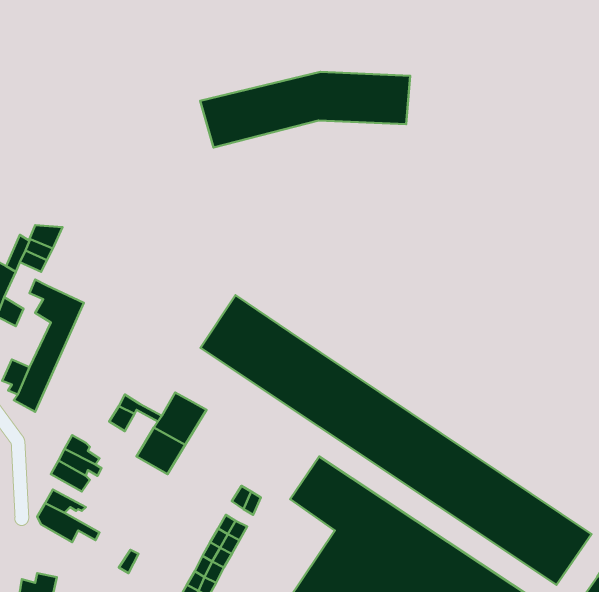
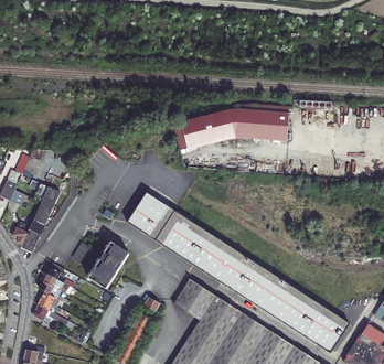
building: [200,72,410,148] -> [172,109,291,152]

